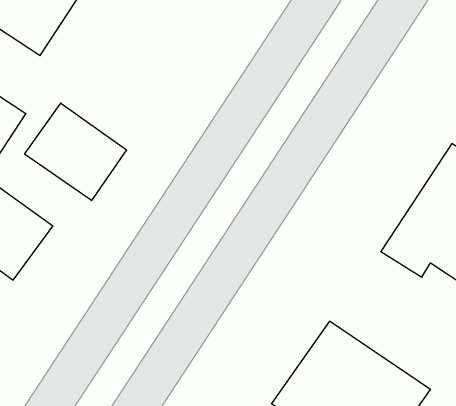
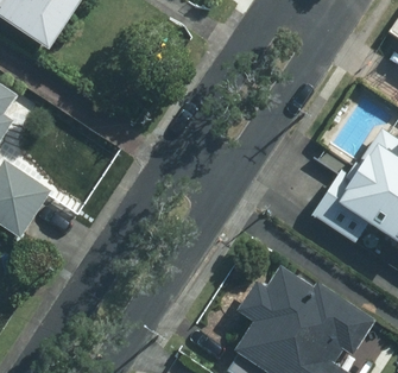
building: [25,103,126,201] -> none

